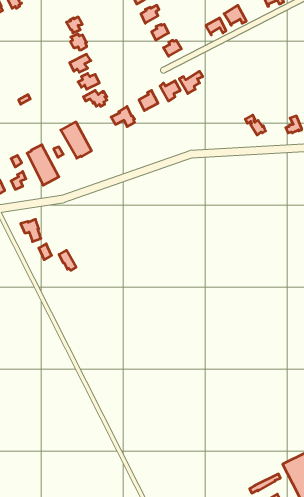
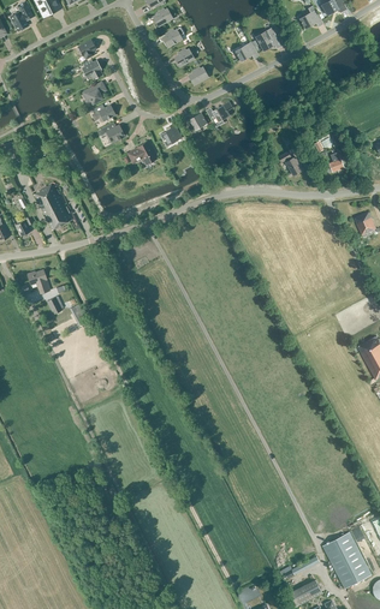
building: [61,122,91,158] -> none

